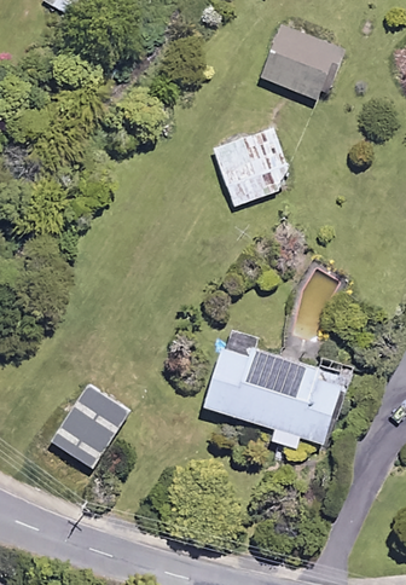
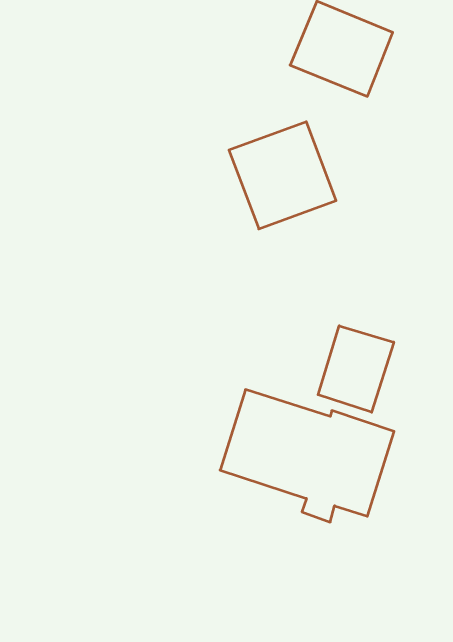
building: none -> [318,326,394,412]
building: [46,383,128,469] -> none

